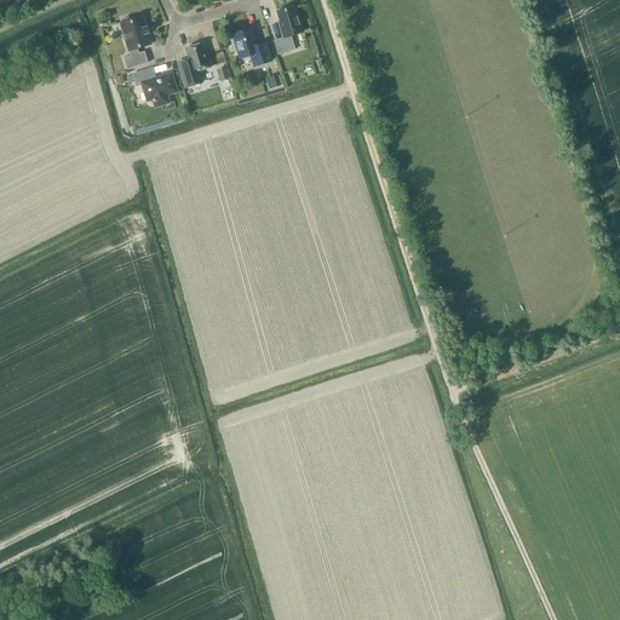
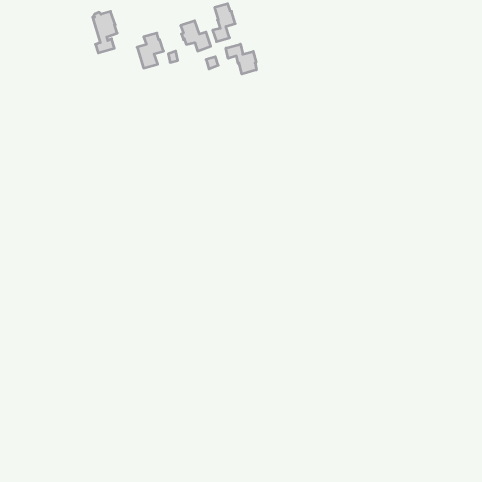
building: none -> [226,44,256,74]
building: [132,67,174,105] -> none

